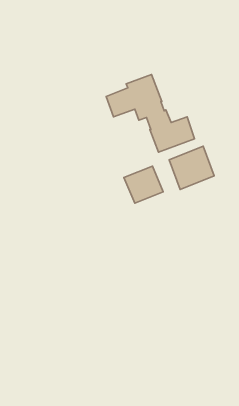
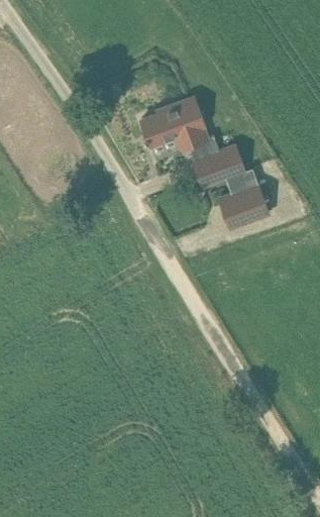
building: [124,166,163,203] -> none

